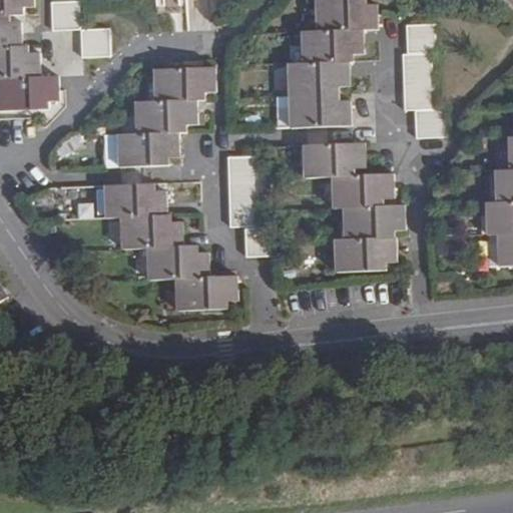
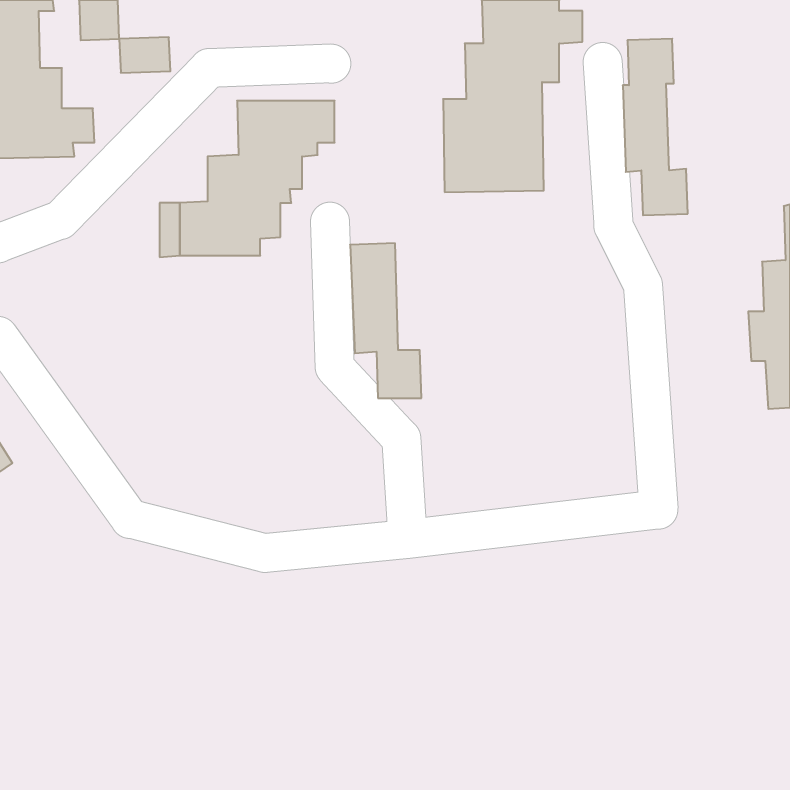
building: [301,142,406,272] -> none
building: [102,185,237,310] -> none

